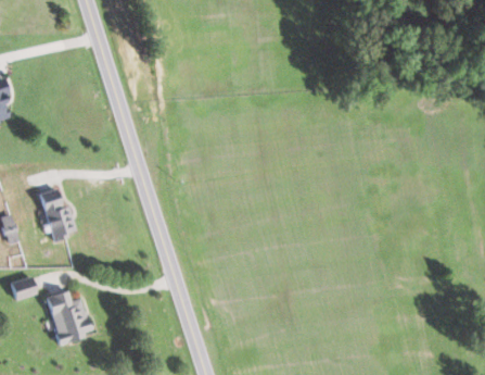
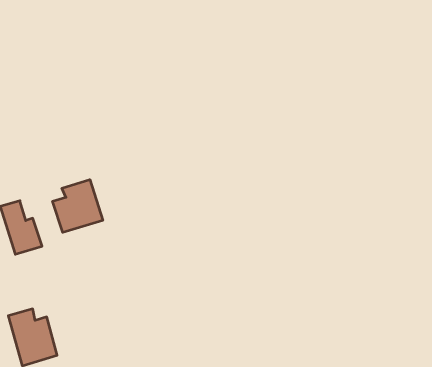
building: none -> [53,180,103,232]

